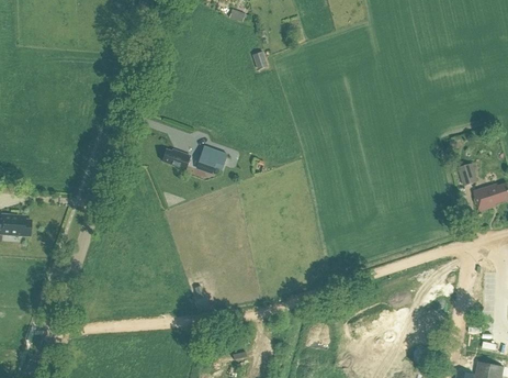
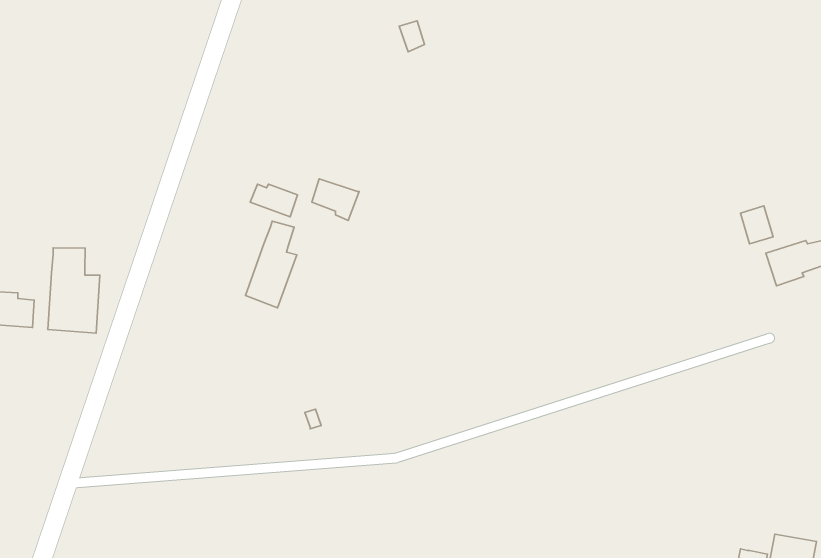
building: none -> [245,221,297,308]
building: none -> [48,248,100,333]

